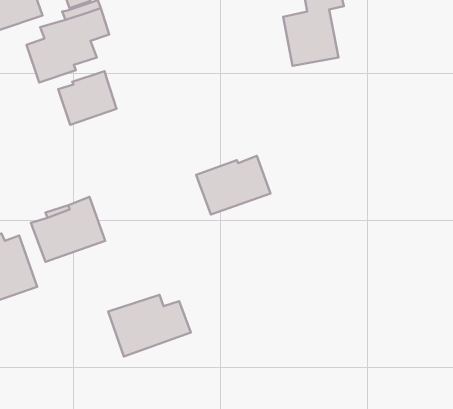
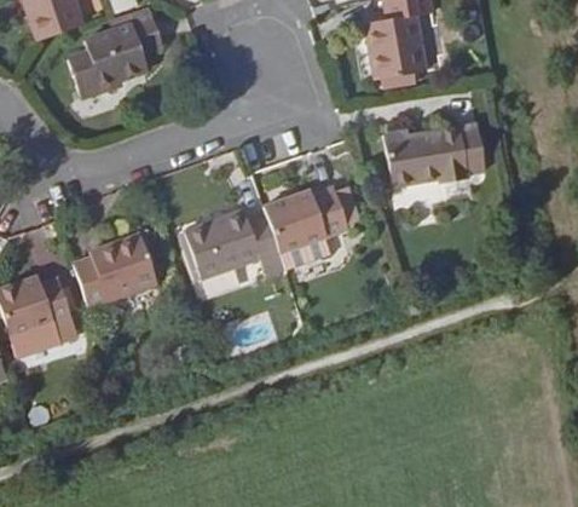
building: [58,71,117,125] -> none
building: none -> [382,126,485,188]
building: [108,295,191,357] -> [184,209,279,281]

